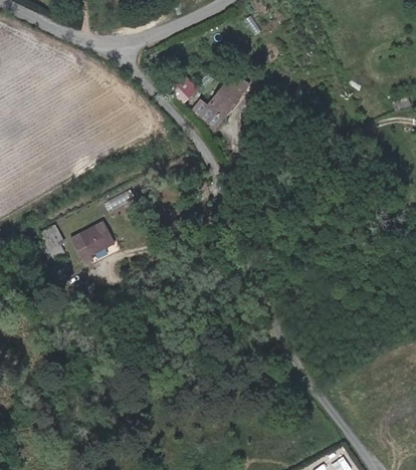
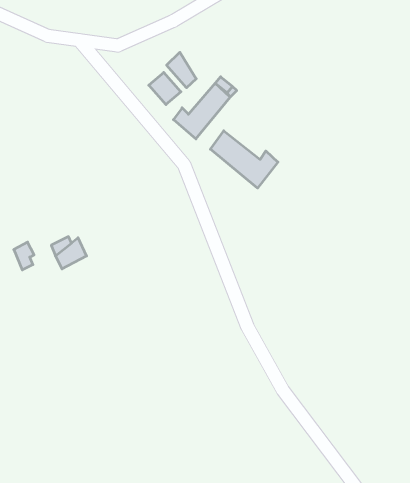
building: none -> [167,52,196,88]
building: none -> [210,131,278,188]

